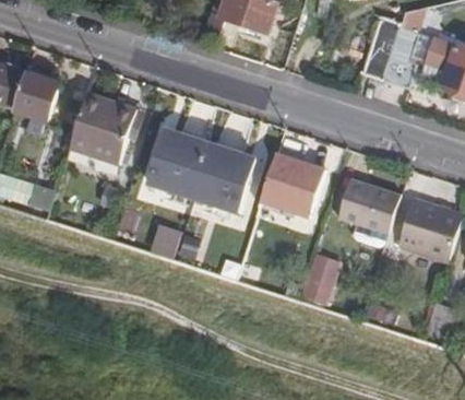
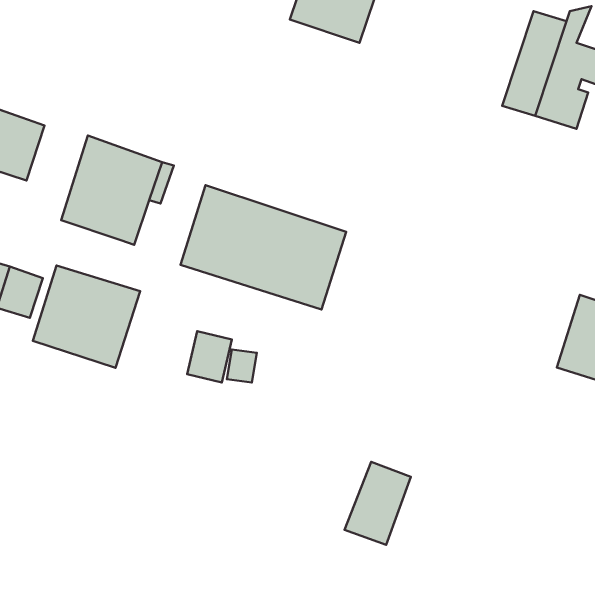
building: [259,155,322,217] -> none
building: [336,179,397,249] -> none
building: none -> [33,266,140,368]
building: [299,250,343,305] -> [345,462,411,545]

